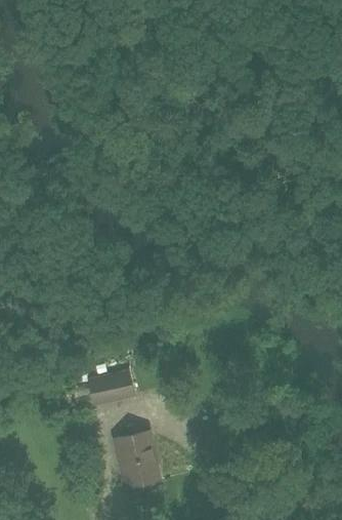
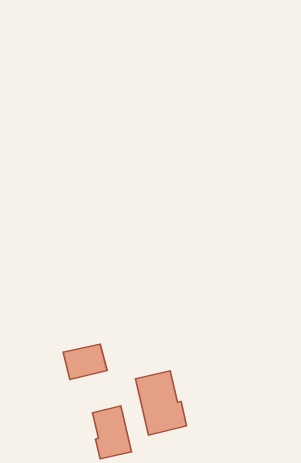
building: none -> [135,371,187,435]

